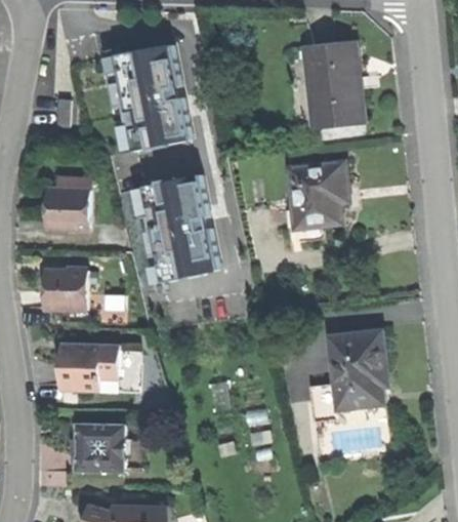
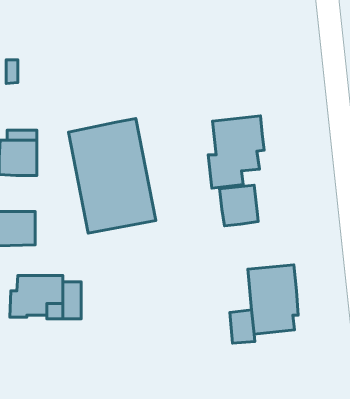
building: [101,38,198,162] -> none
building: [302,44,361,127] -> none
building: none -> [220,185,258,226]
building: [74,425,124,474] -> none

